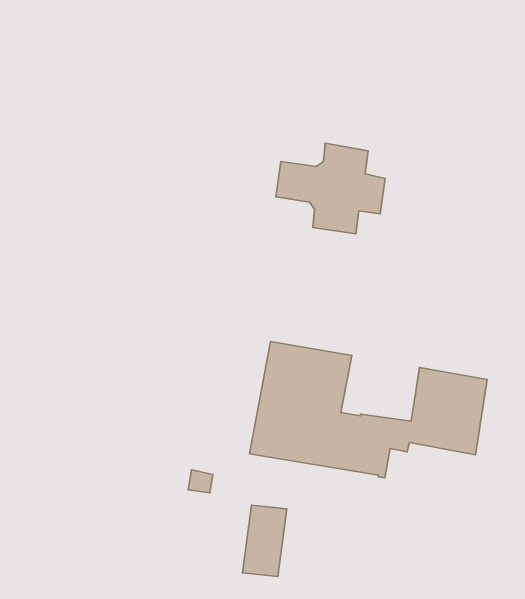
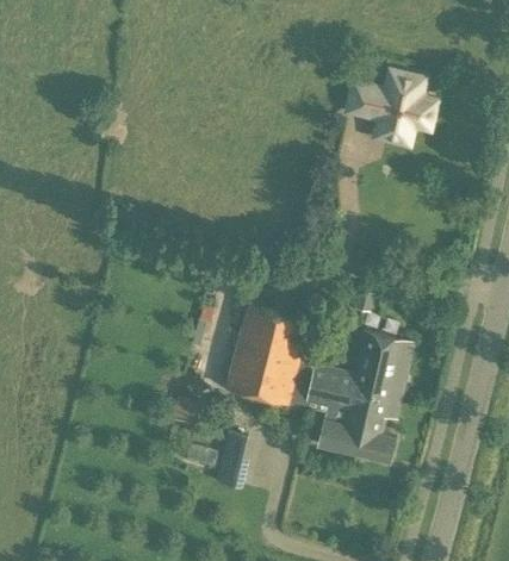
building: [276,143,385,234] -> [347,71,434,144]
building: none -> [317,389,403,462]

